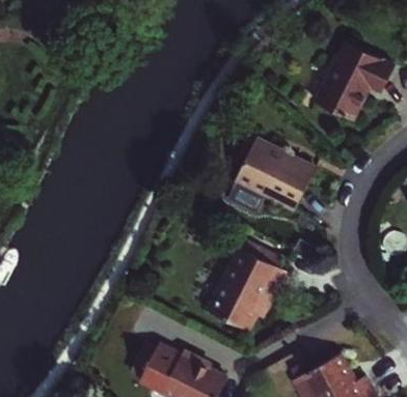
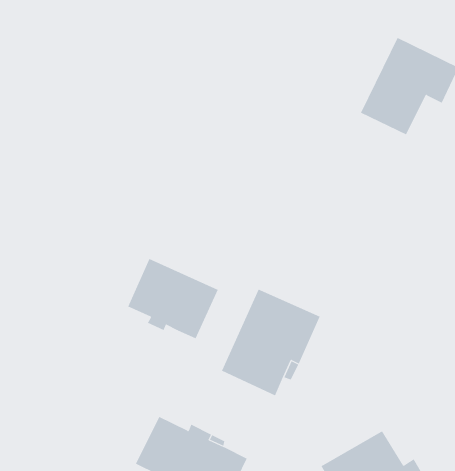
building: [230,135,320,209] -> none
building: none -> [127,258,219,339]

